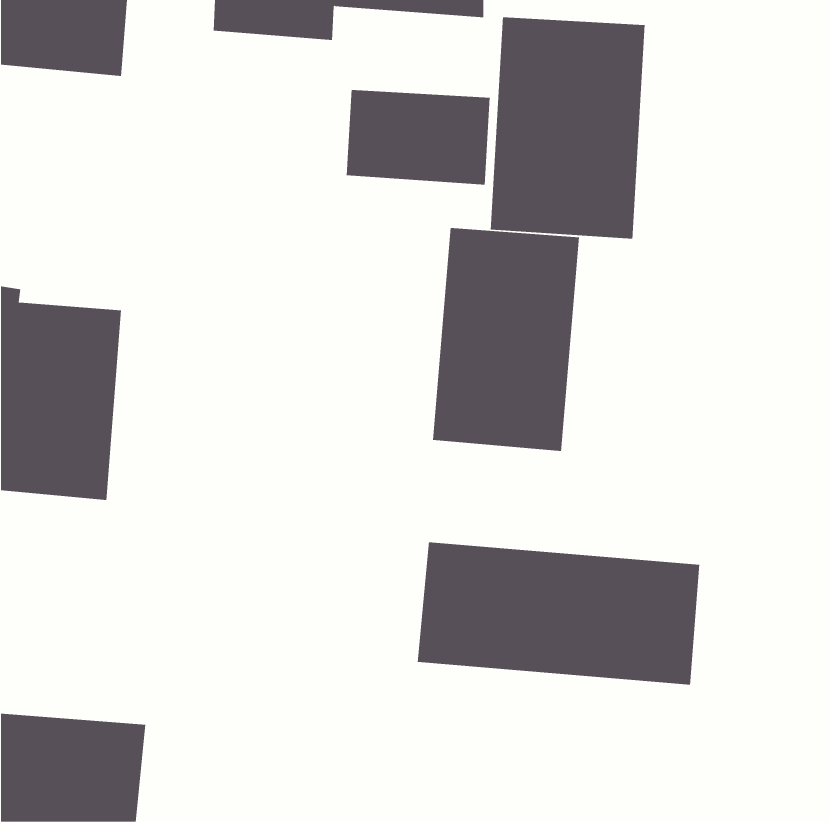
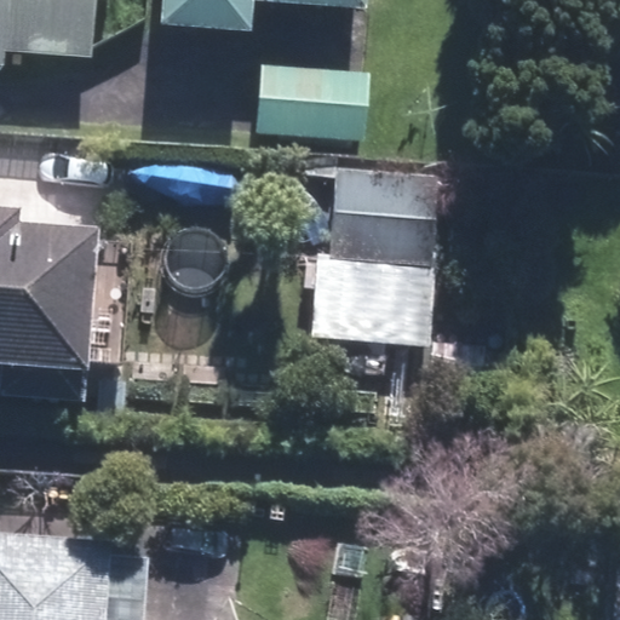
building: [490,17,645,239] -> none
building: [417,542,700,685] -> none

